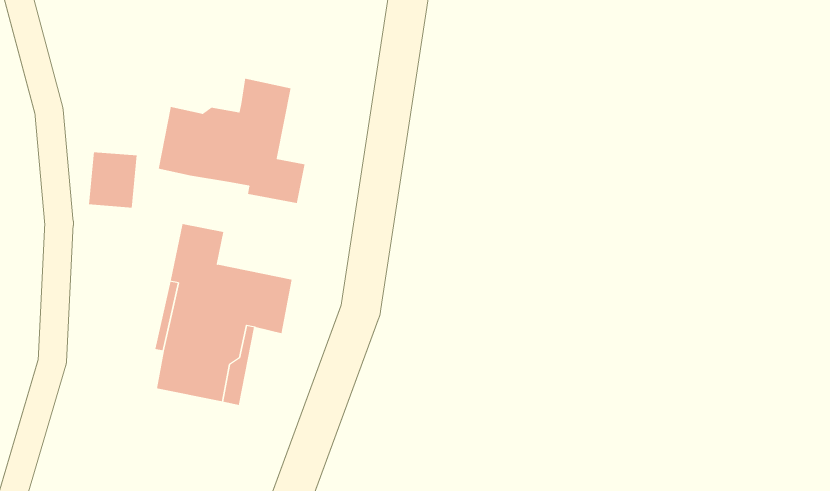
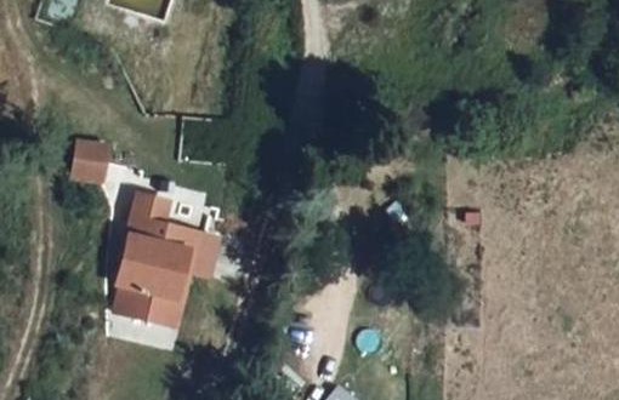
building: [158,78,305,204] -> none

